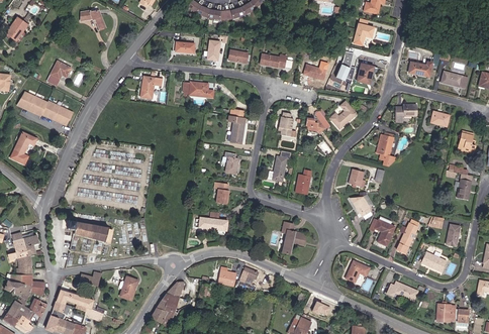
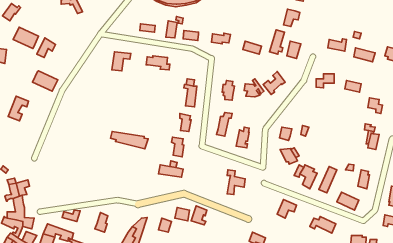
building: [17,90,48,116] -> [13,27,39,48]
building: [376,133,396,165] -> none
building: [67,220,113,241] -> [111,132,148,149]

